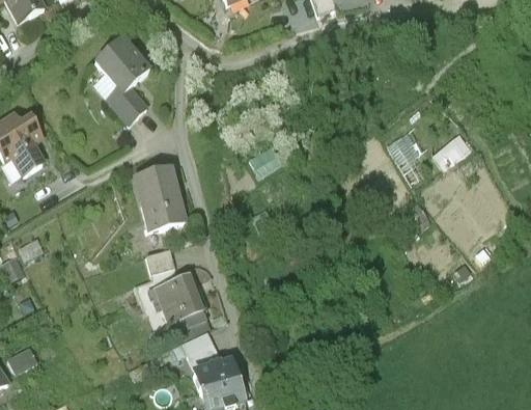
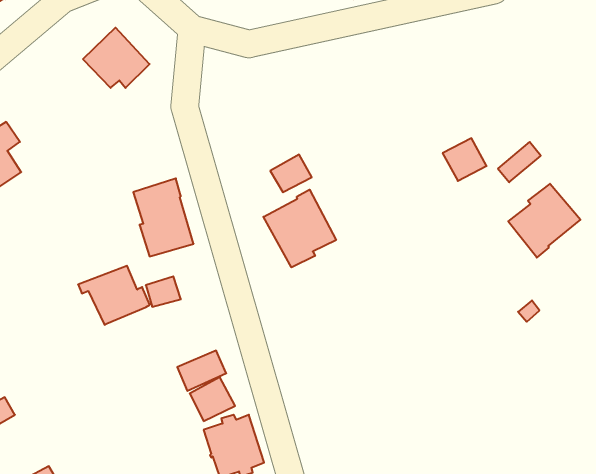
building: [106,83,146,124] -> none
building: none -> [508,184,580,258]
building: none -> [263,190,336,267]
building: [147,272,206,321] -> [78,266,150,325]

